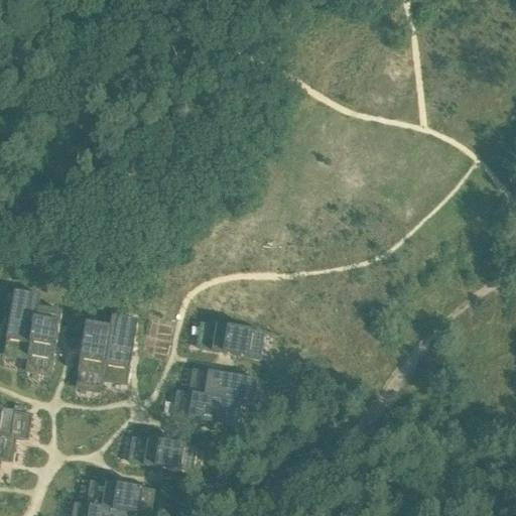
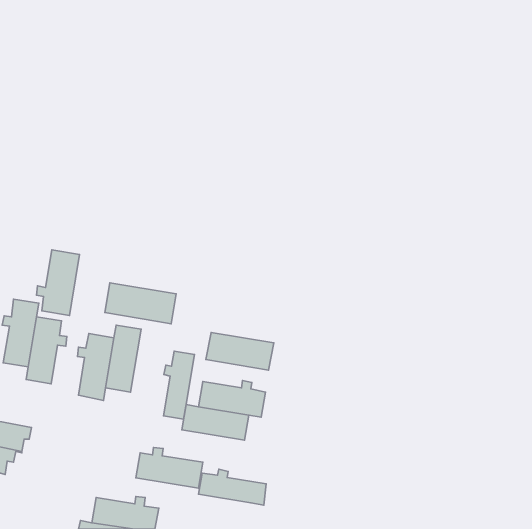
building: none -> [37,250,80,315]
building: none -> [105,283,176,324]
building: none -> [164,351,194,419]
building: none -> [199,469,266,505]

